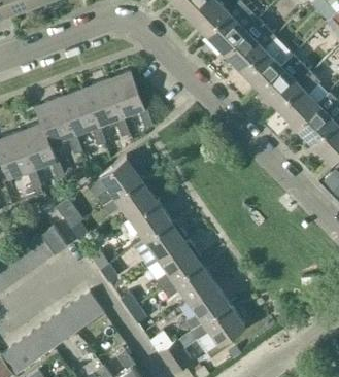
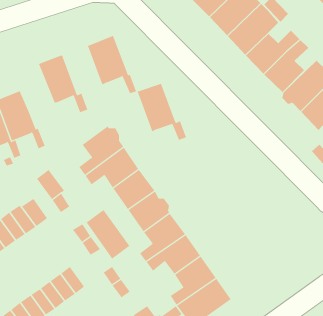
building: [81,80,130,136] -> [137,83,187,141]
building: [34,98,83,153] -> none
building: none -> [86,209,130,259]

